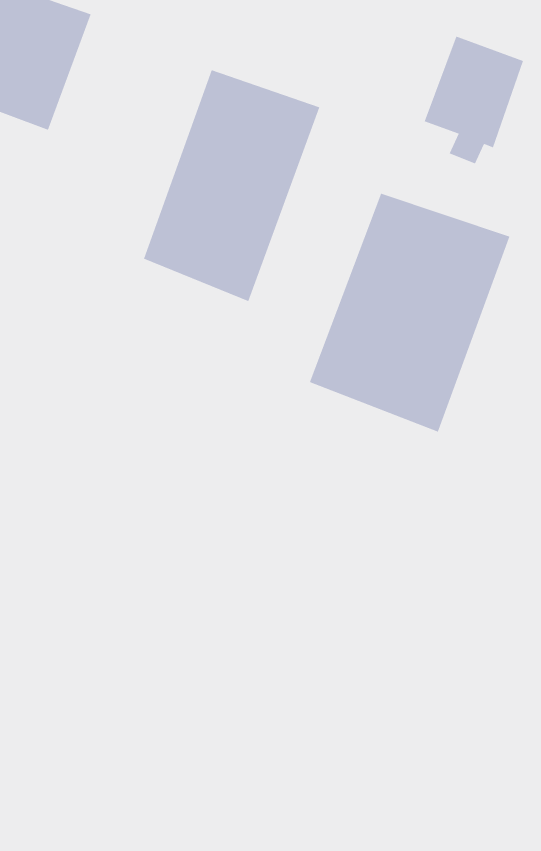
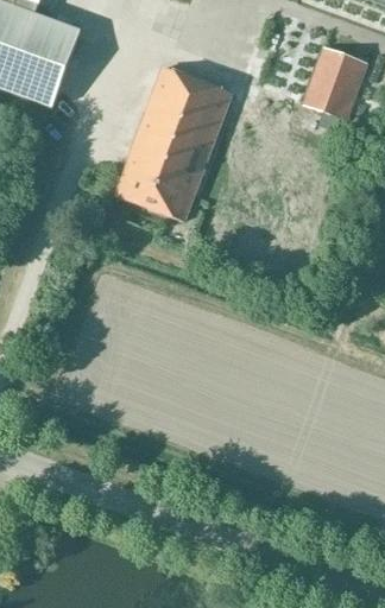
building: [309,193,510,432] -> none

